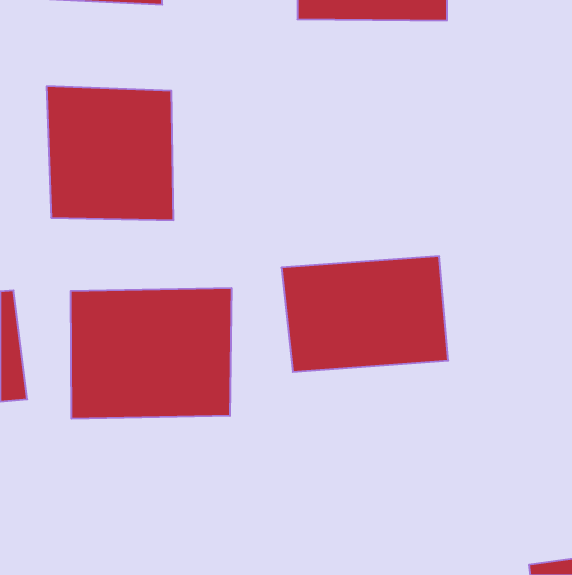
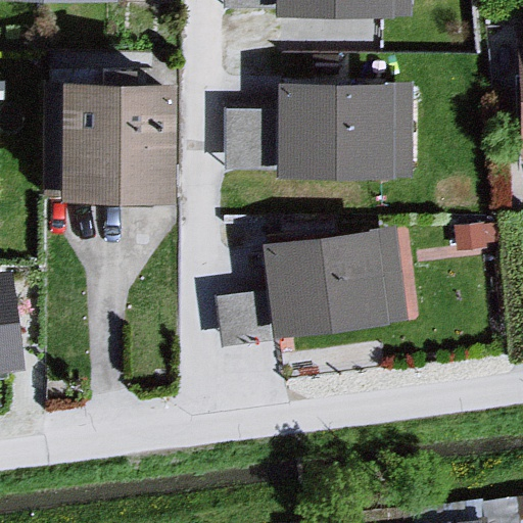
building: none -> [275,84,414,181]
building: [71,288,231,419] -> none

